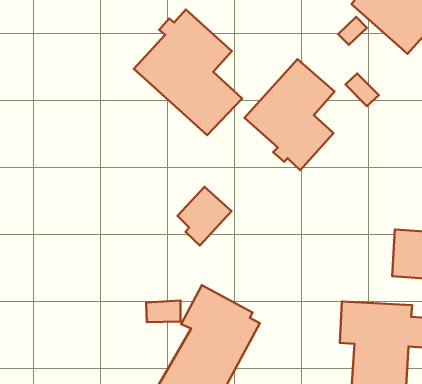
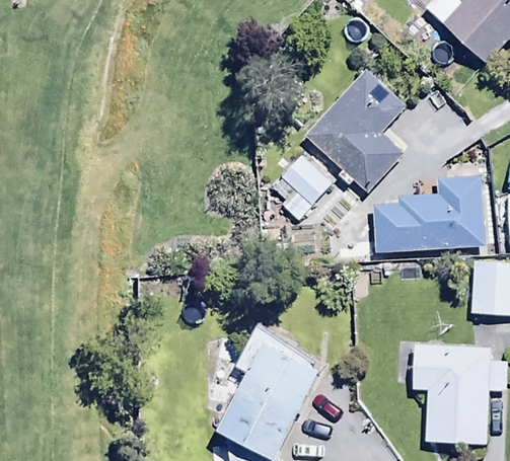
building: [134,9,242,135] -> none
building: none -> [371,174,488,251]
building: [177,187,231,245] -> [271,156,332,222]

